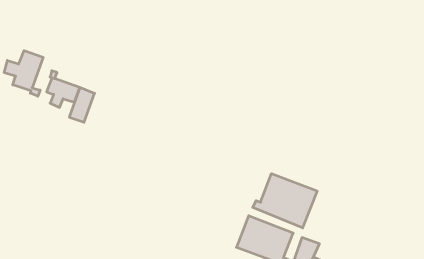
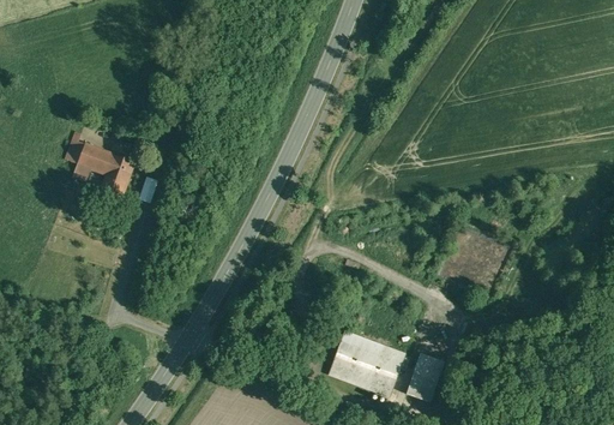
building: [4,51,43,96] -> none
building: [253,174,317,228] -> none

